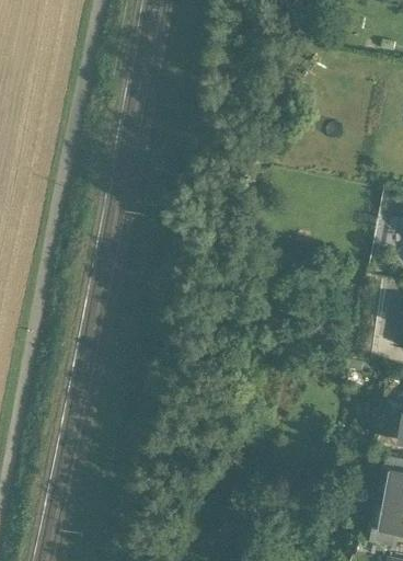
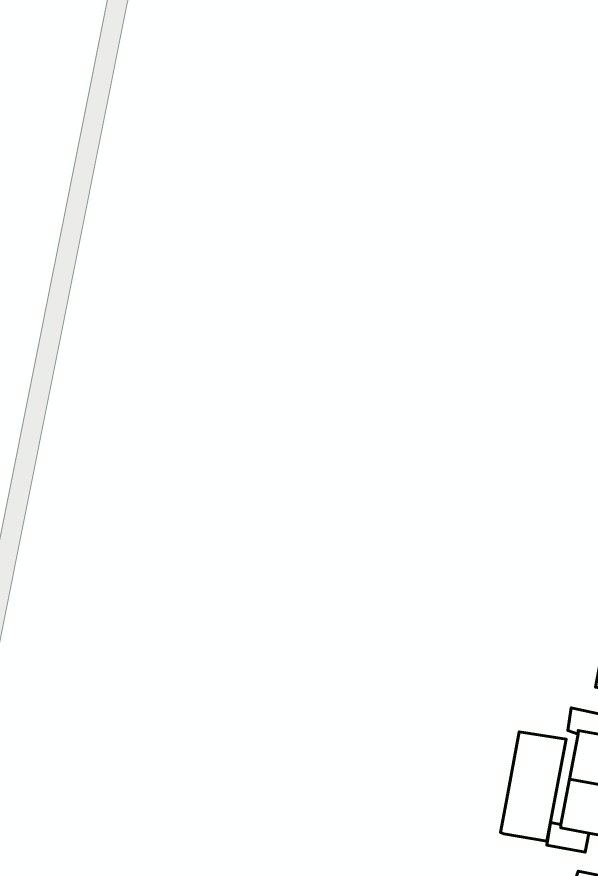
building: none -> [501,732,566,841]

